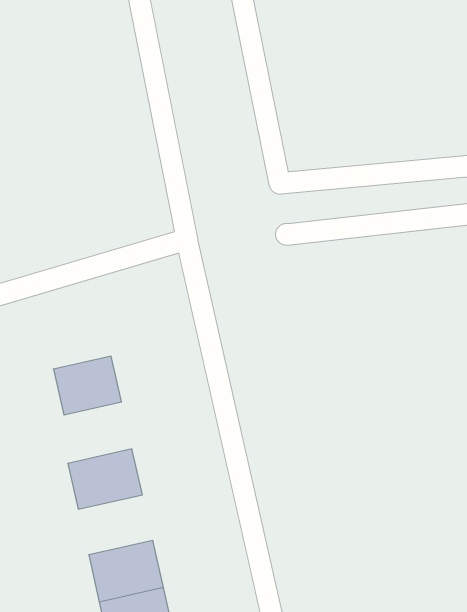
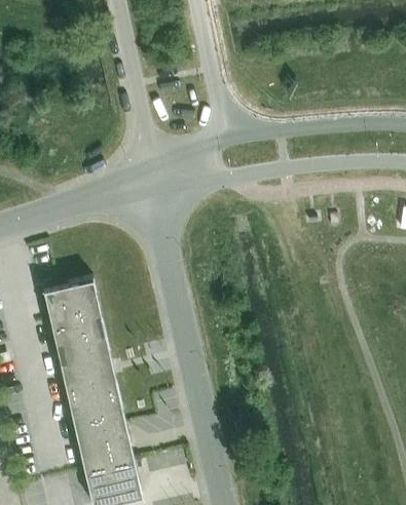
building: none -> [51,318,110,366]
building: none -> [68,391,126,438]

